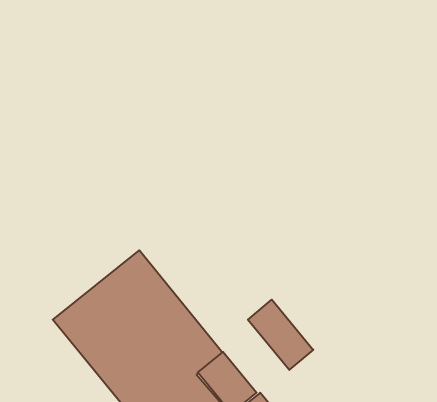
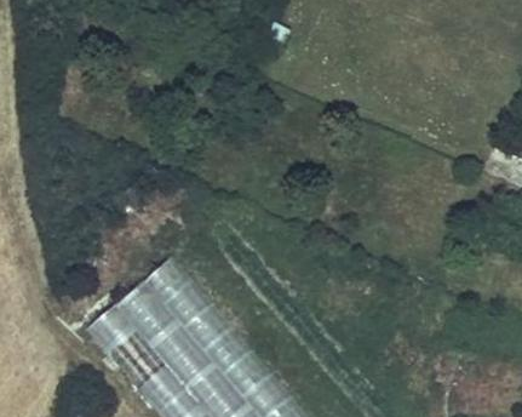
building: [248,300,313,370] -> none

